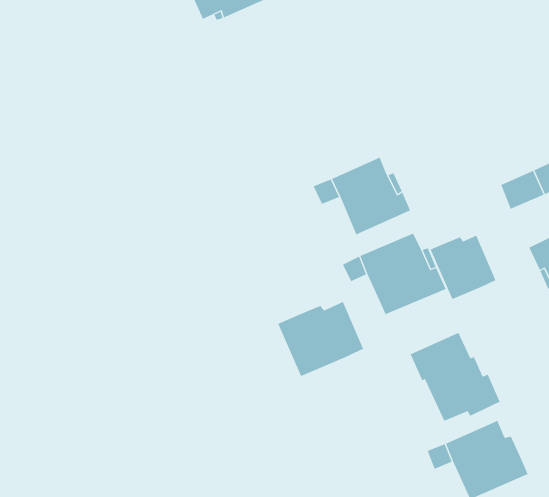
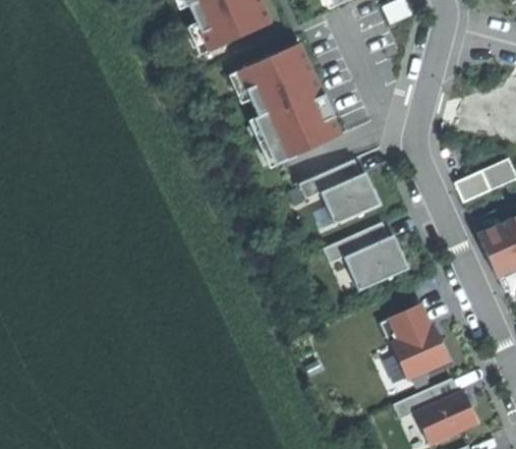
building: none -> [240,43,340,157]
building: [430,235,496,300] -> none
building: [278,301,364,377] -> none

